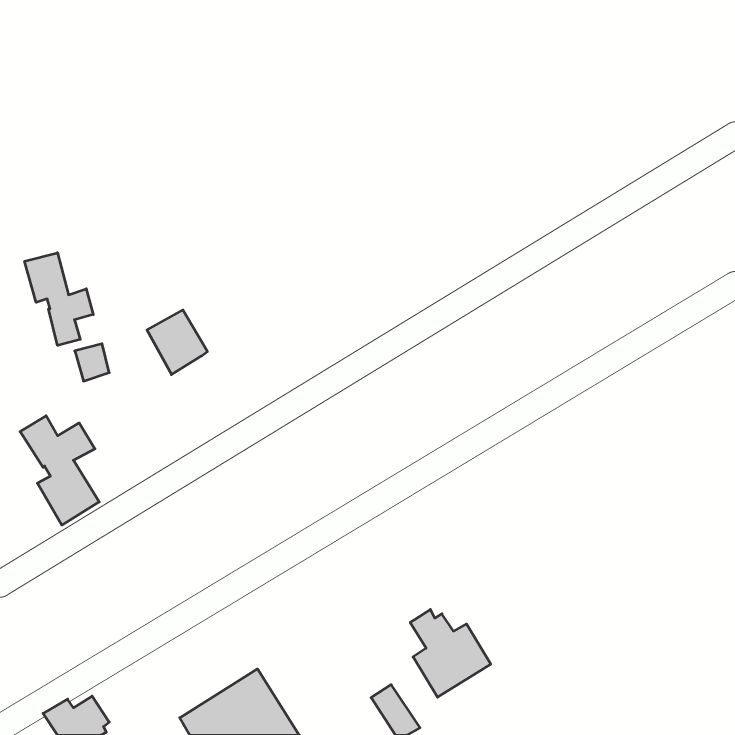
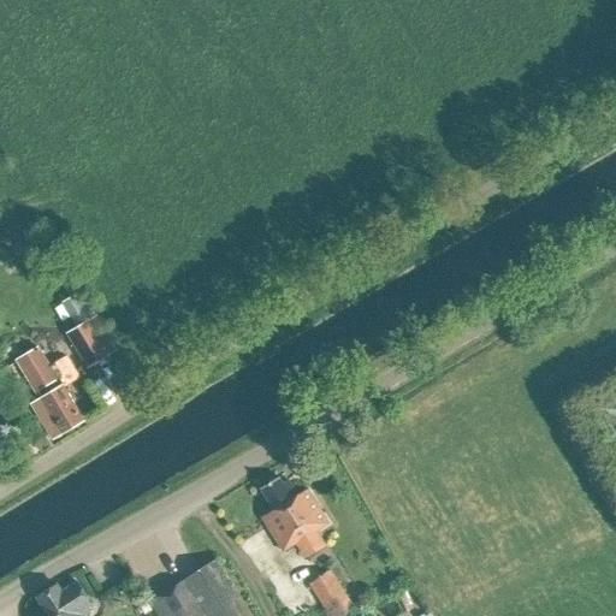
building: [25,253,93,345] -> none
building: [147,310,207,375] -> [66,315,117,369]
building: [410,609,491,697] -> [261,478,328,551]

